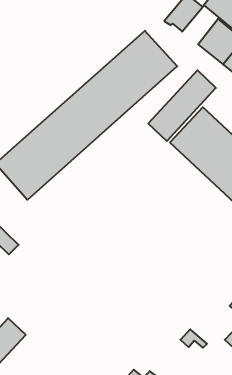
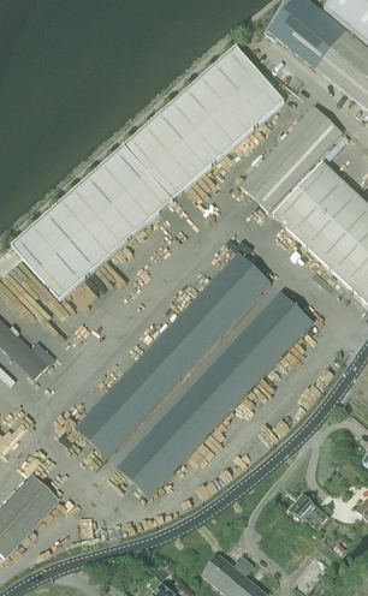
building: none -> [291,11,345,67]
building: none -> [75,252,271,458]
building: none -> [117,292,313,497]

